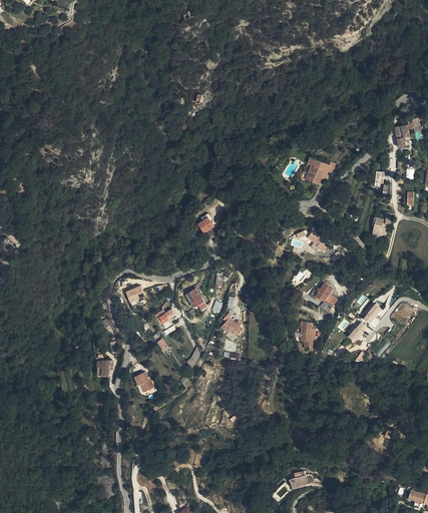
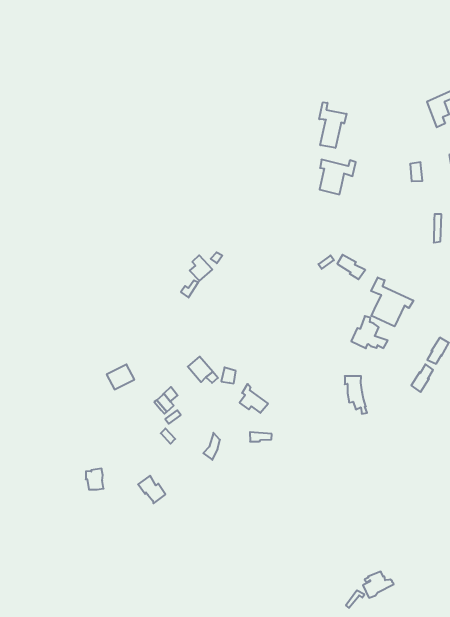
building: none -> [319,102,347,148]
building: none -> [371,277,413,326]

